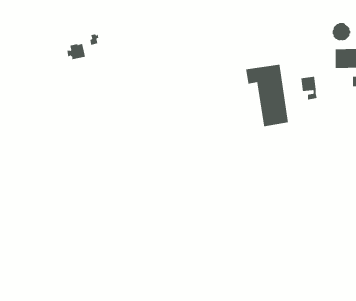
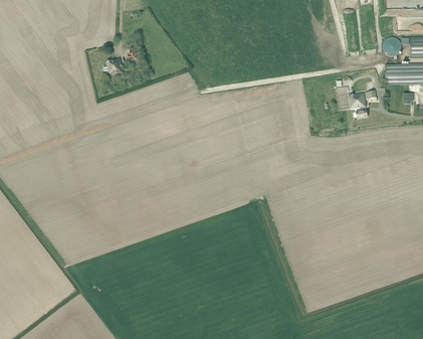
building: [245,64,288,127] -> none

